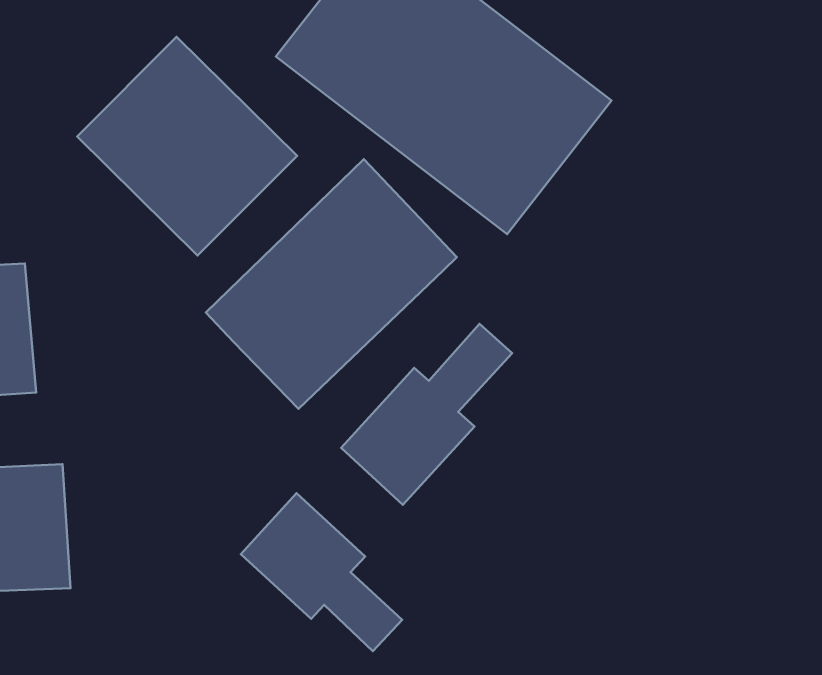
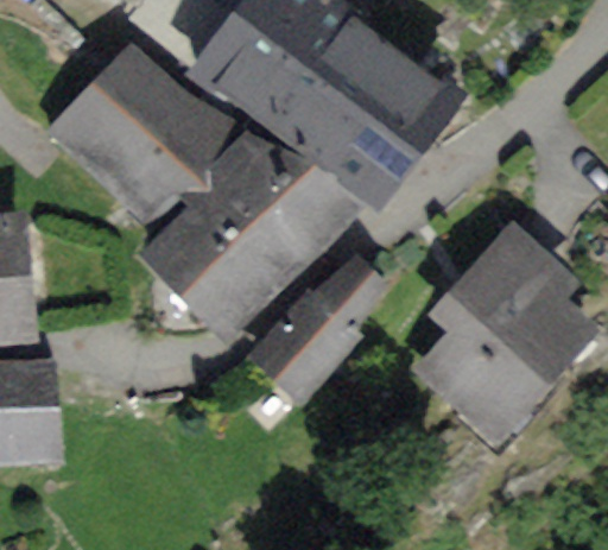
building: none -> [418,226,589,441]
building: [241,493,402,651] -> none

